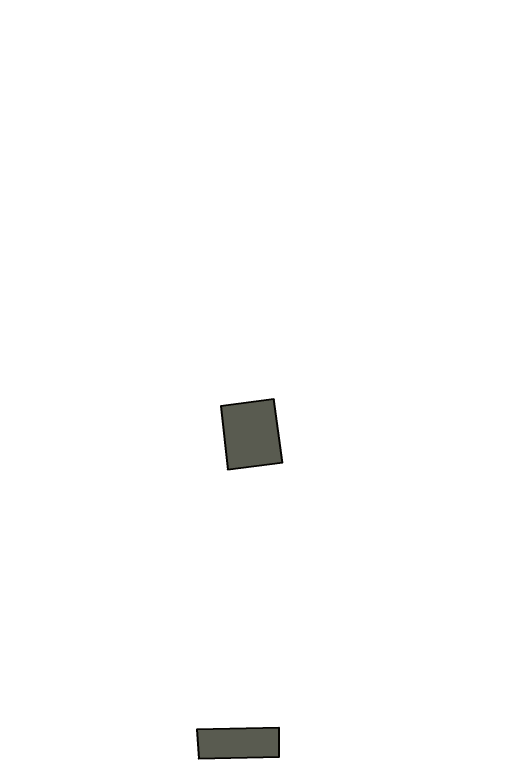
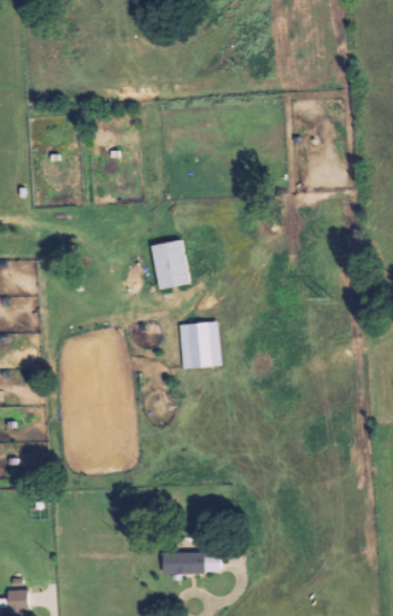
building: none -> [151,239,189,289]

